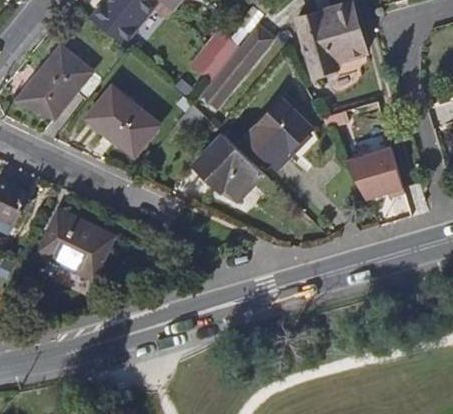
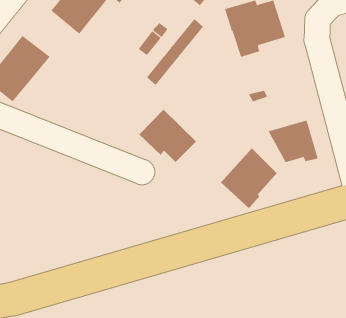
building: [89,90,160,157] -> none
building: [244,97,311,169] -> [220,148,277,209]
building: [40,210,114,280] -> none

